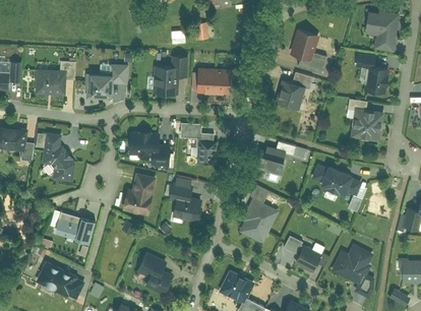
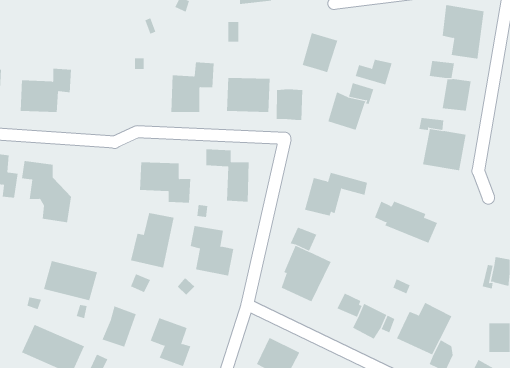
building: [290,28,318,60] -> [302,33,338,73]
building: [85,64,128,101] -> none
building: none -> [276,88,303,121]
building: none -> [101,306,137,347]

